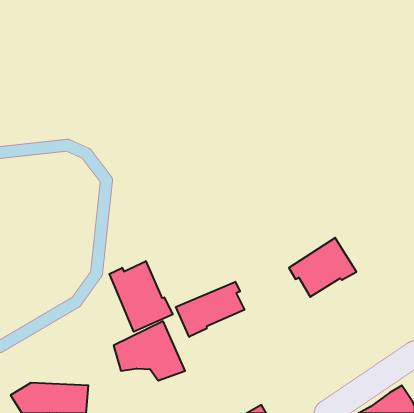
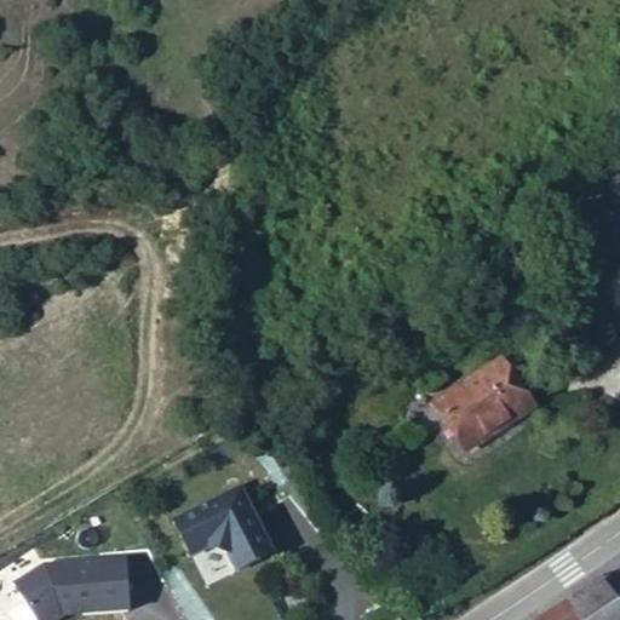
building: [109,261,173,332] -> none
building: [176,282,244,337] -> none

